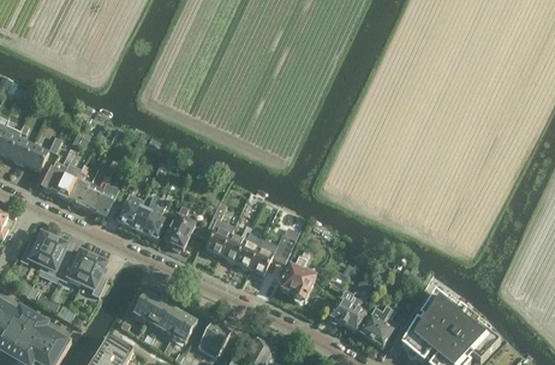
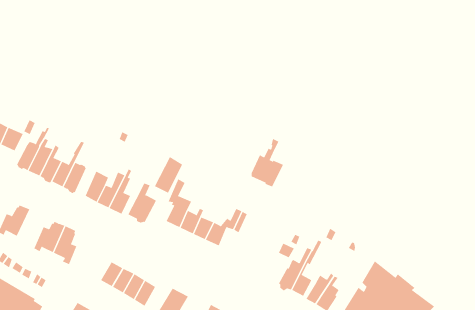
building: none -> [154,156,183,194]
building: [41,234,70,277] -> none
building: [279,246,315,300] -> [251,138,284,187]

